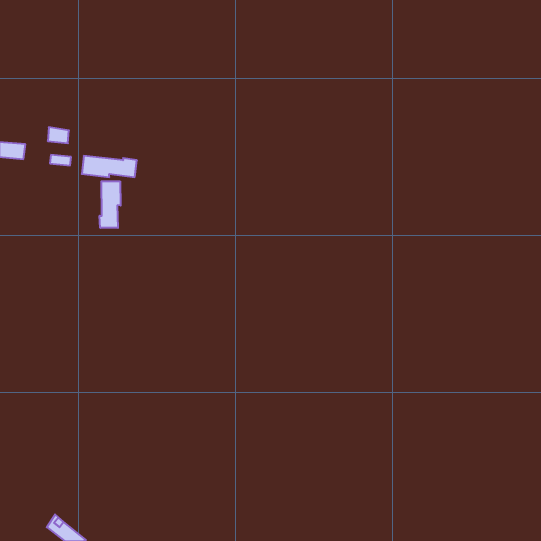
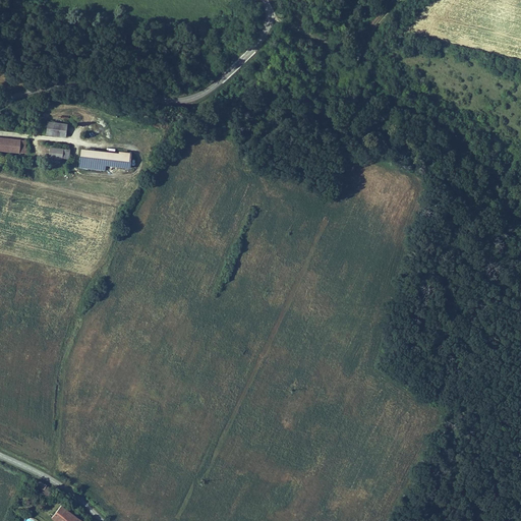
building: [100,181,121,228] -> none

